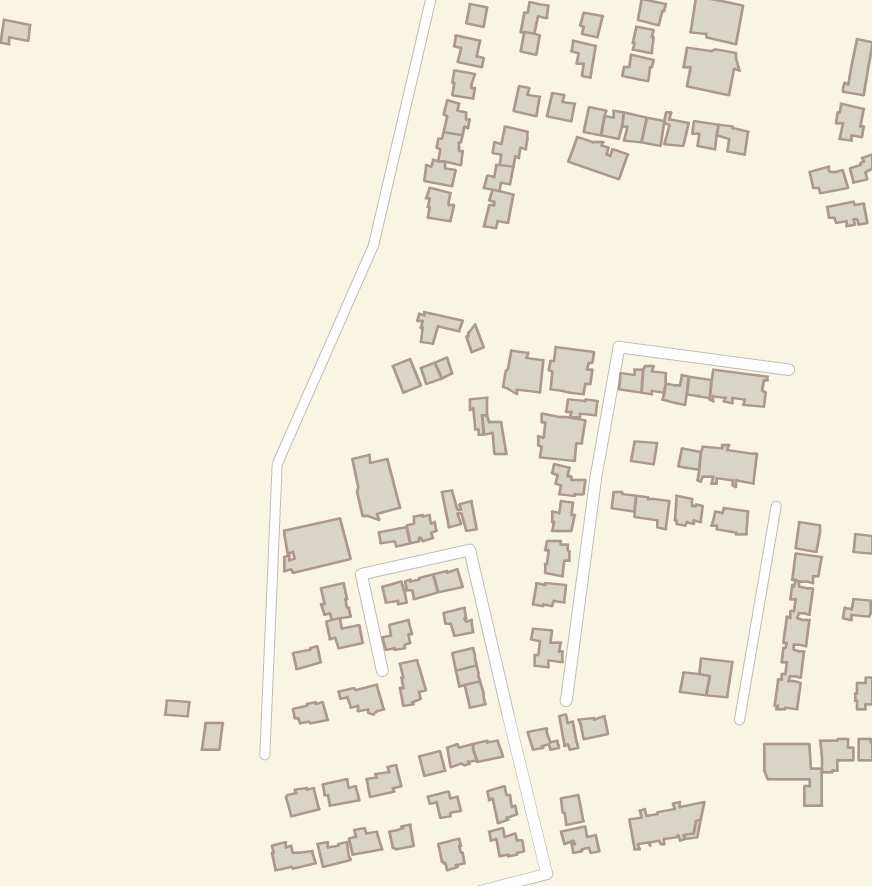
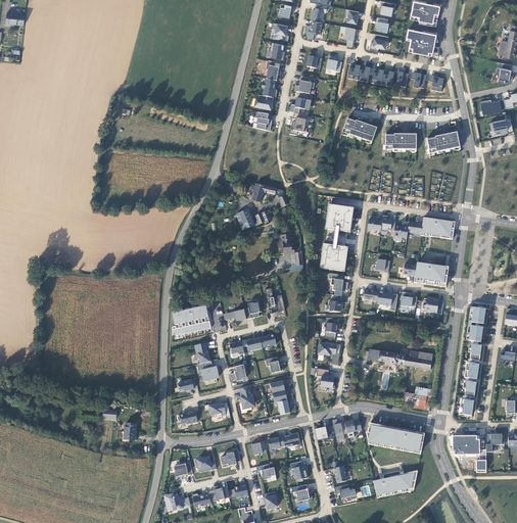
building: [568,137,628,179] -> [342,117,377,142]
building: none -> [426,132,460,153]
building: none -> [385,133,416,149]
building: [503,350,543,394] -> none
building: [352,455,400,520] -> none
building: none -> [367,349,432,370]
building: none -> [366,423,425,451]

